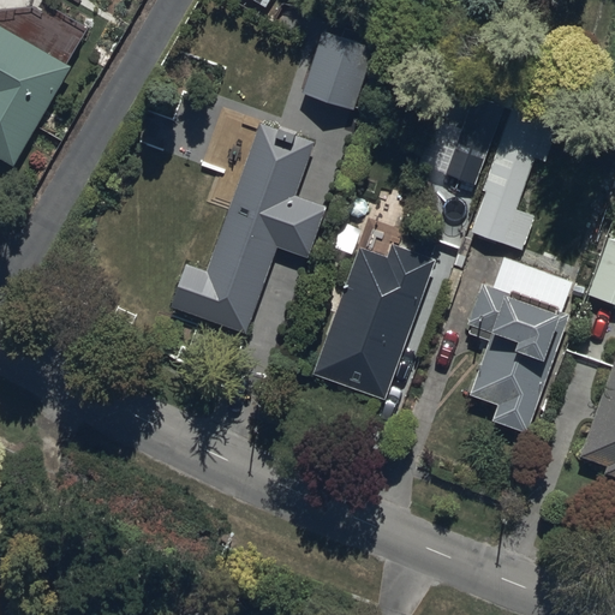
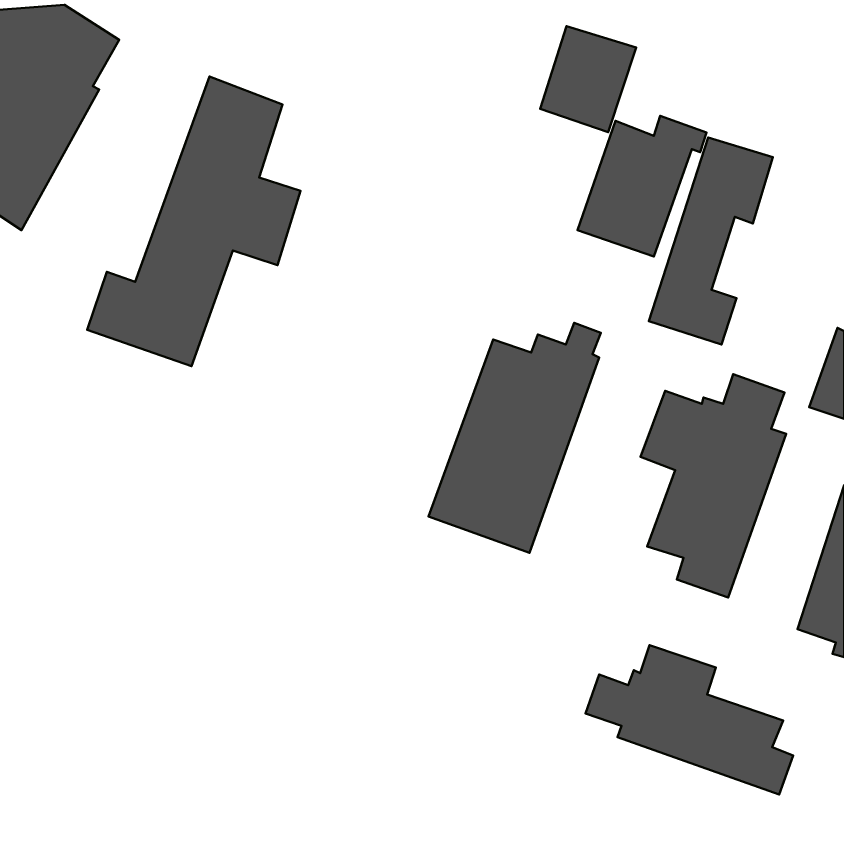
building: [304,32,374,109] -> [540,26,636,132]
building: [171,123,326,333] -> [87,77,301,366]
building: none -> [585,645,793,794]

